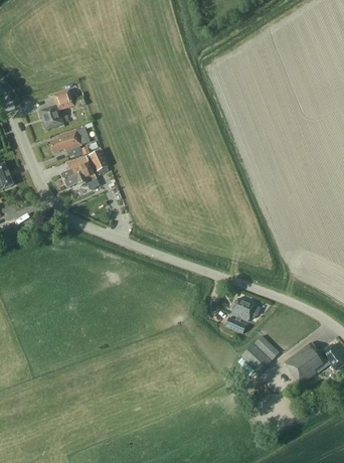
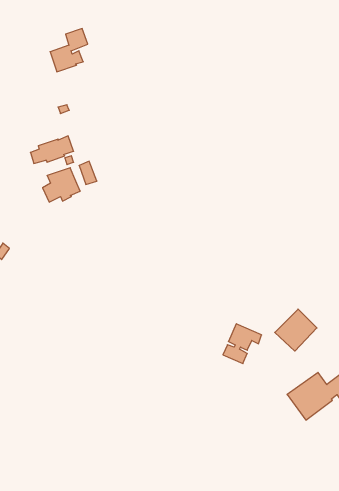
building: [39,91,73,130] -> [50,29,88,72]
building: [241,335,280,373] -> [275,309,317,351]

